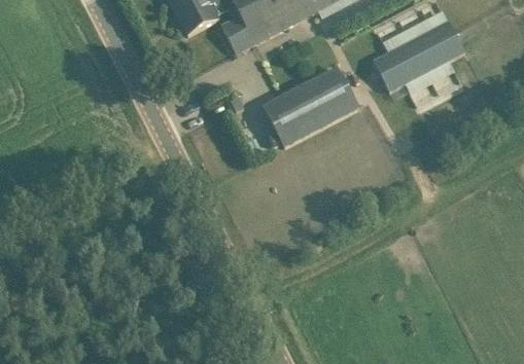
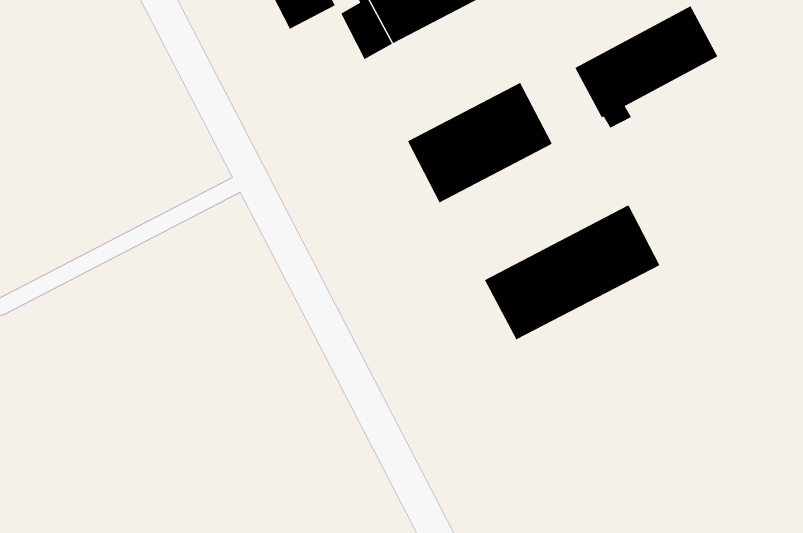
building: none -> [484,205,660,340]

